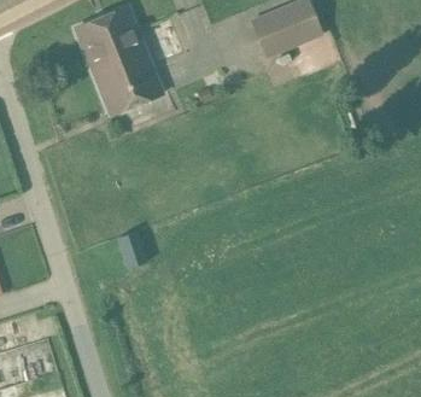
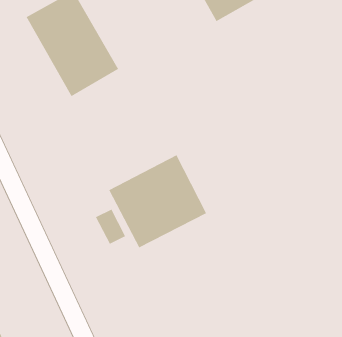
building: none -> [108,154,207,248]

